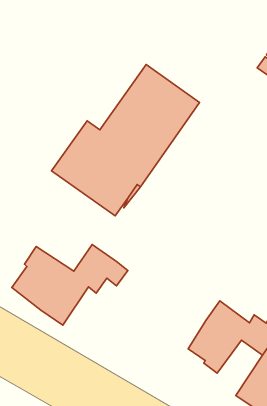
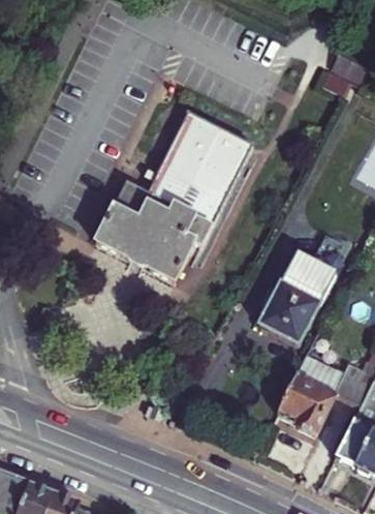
building: none -> [261,249,340,343]
building: [12,244,128,325] -> none

